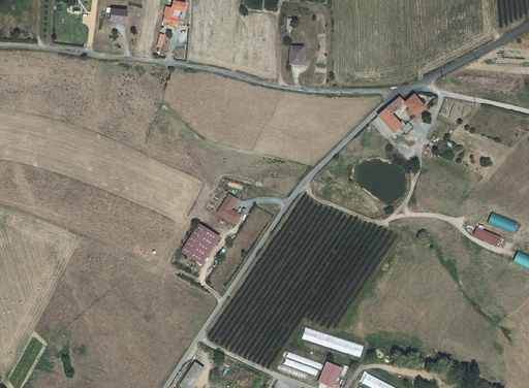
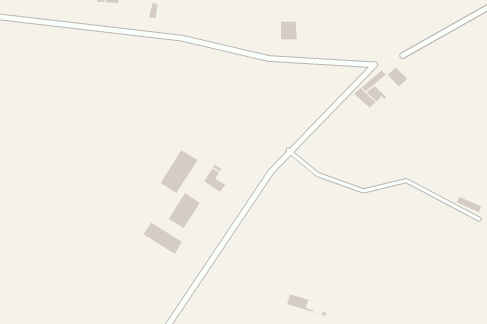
building: none -> [160,149,199,194]
building: none -> [142,222,183,255]

